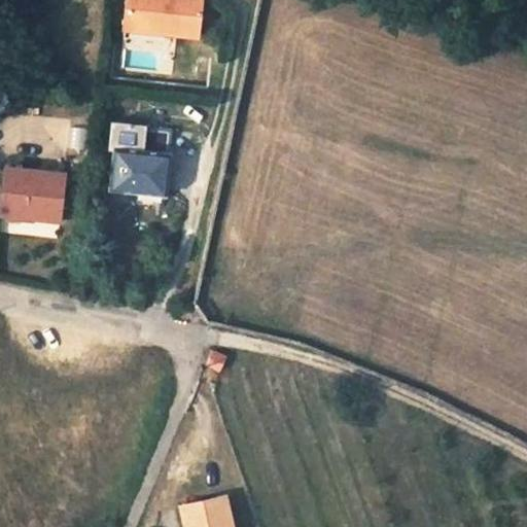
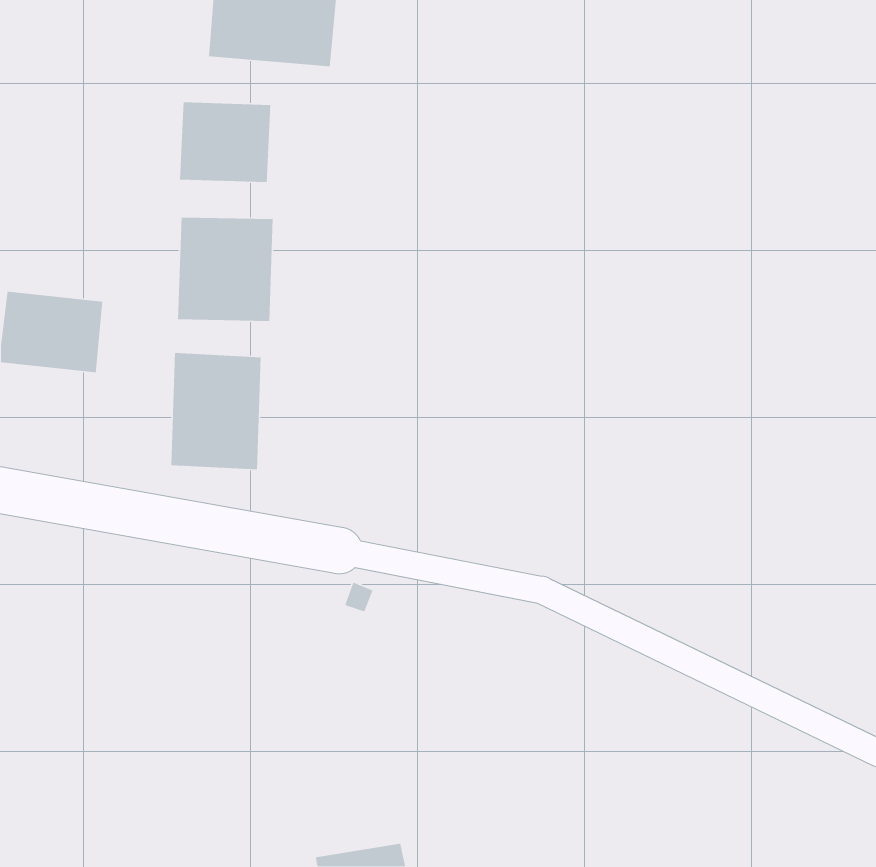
building: none -> [179,102,271,183]
building: none -> [170,352,262,470]

